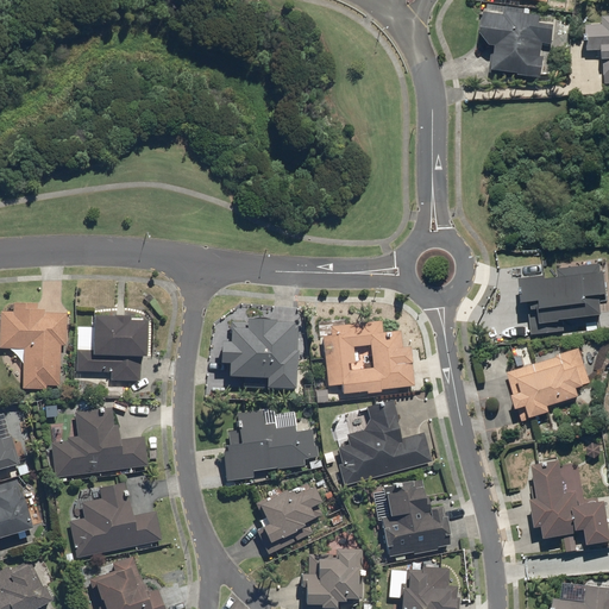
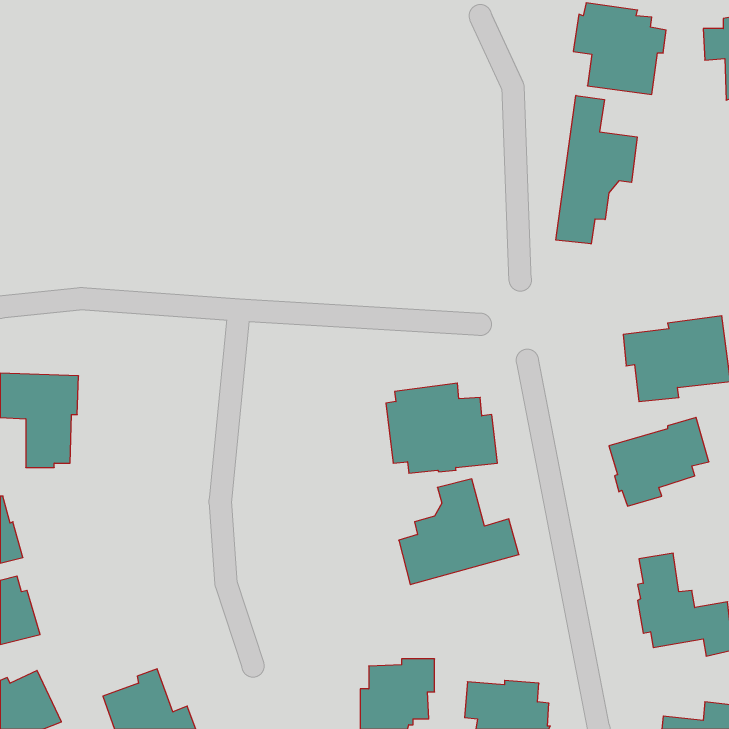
building: none -> [556,95,637,244]
building: [75,314,146,381] -> none
building: [218,319,296,389] -> none
building: [50,407,149,477] -> none
building: [221,409,319,481] -> none
building: [379,478,450,557] -> none
building: [68,482,162,557] -> none
building: [255,483,320,554] -> none

